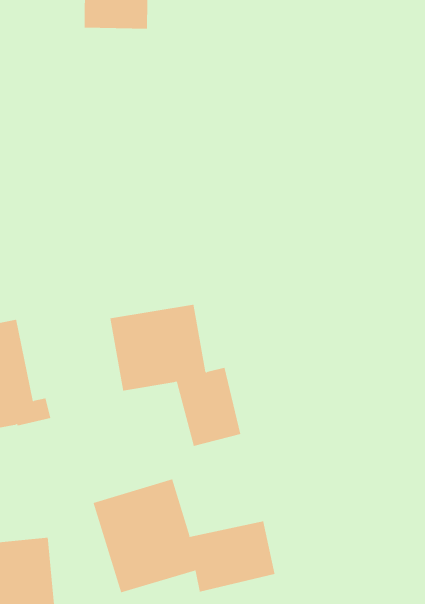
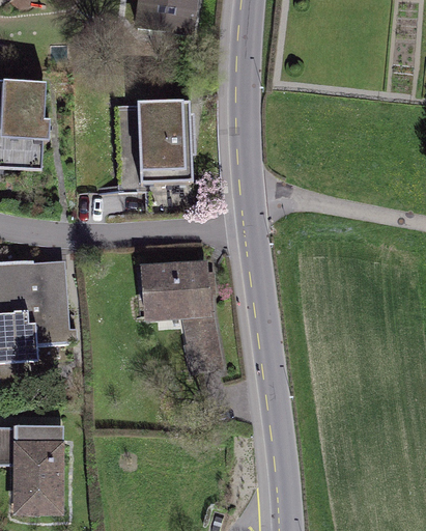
building: none -> [140,103,191,176]
building: [93,478,275,593] -> none

